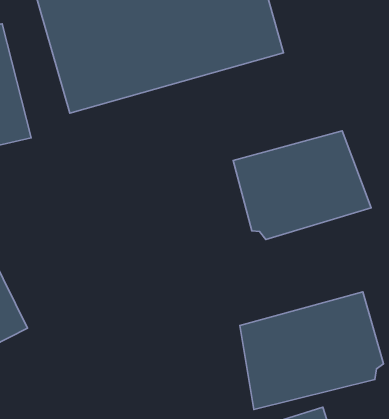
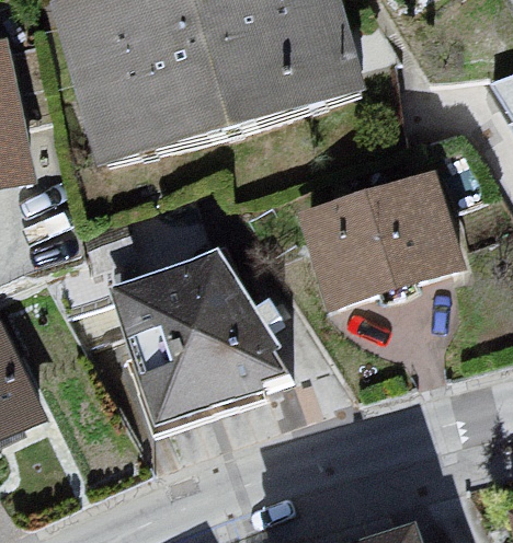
building: none -> [109,256,294,426]
building: [240,292,384,410] -> none

